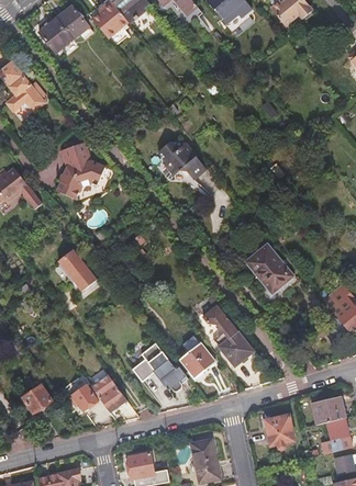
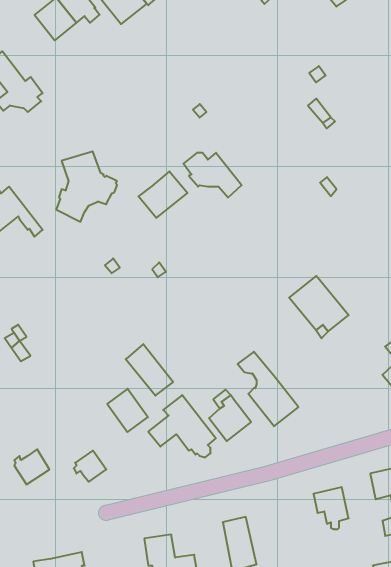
building: none -> [138,171,187,218]
building: [58,248,97,290] -> [126,344,173,396]
building: [93,376,126,411] -> [107,389,148,432]

